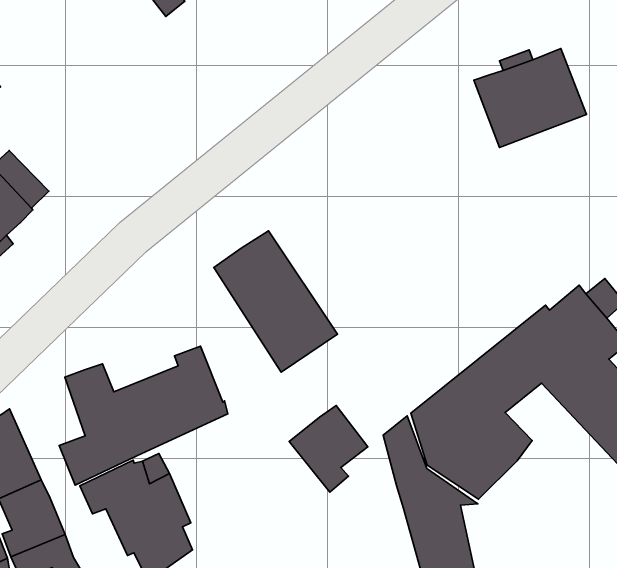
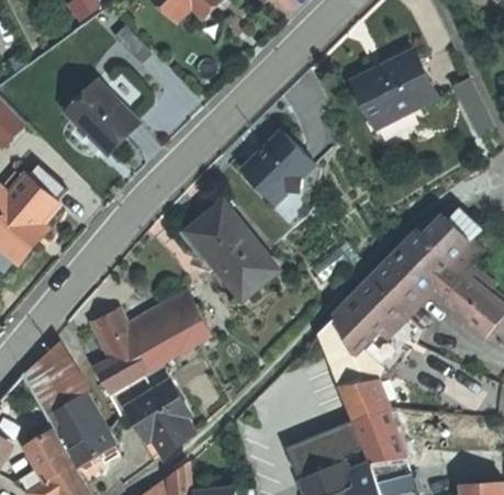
building: none -> [64,82,134,151]
building: none -> [244,132,314,202]
building: [289,406,368,492] -> none

